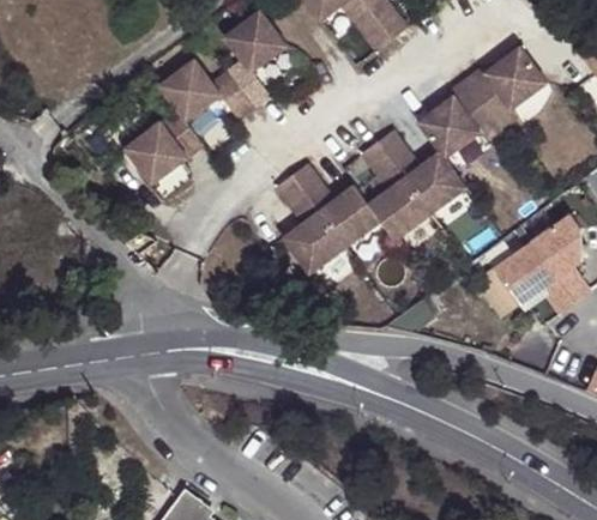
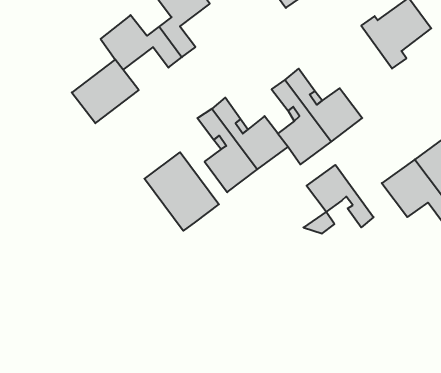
building: [416,75,500,155] -> none
building: none -> [144,152,219,231]
building: none -> [307,165,374,227]

